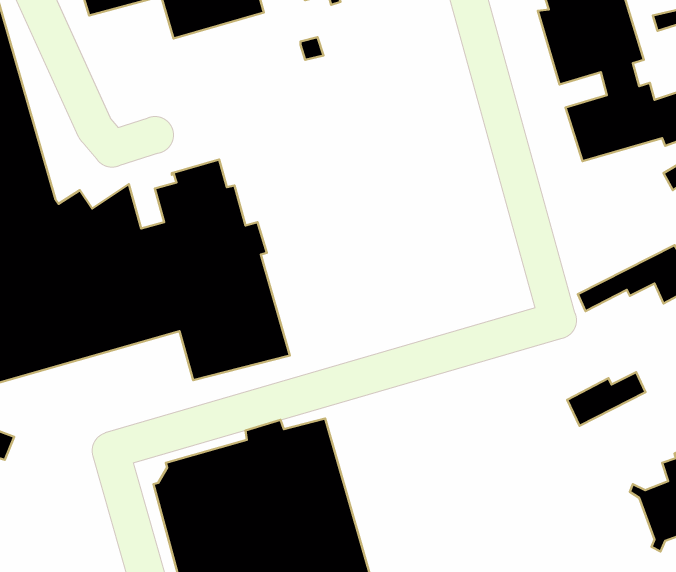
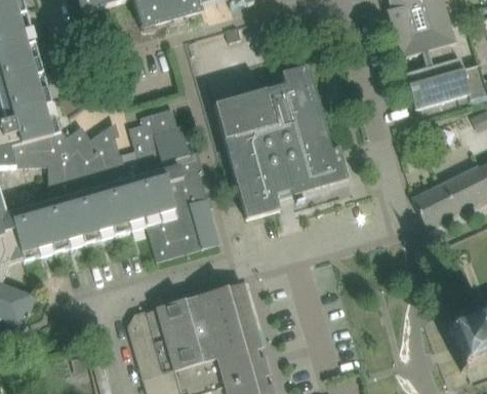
building: none -> [214,67,349,220]
building: [567,372,645,426] -> [417,192,470,228]

